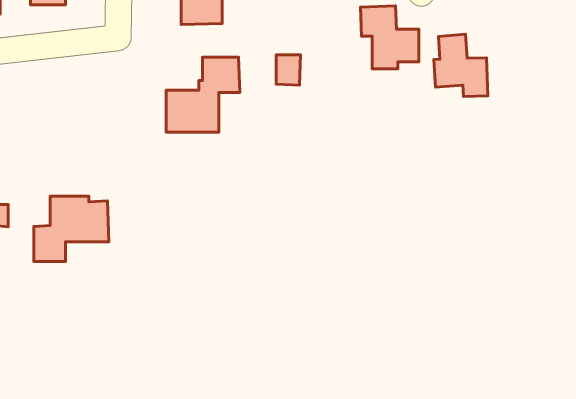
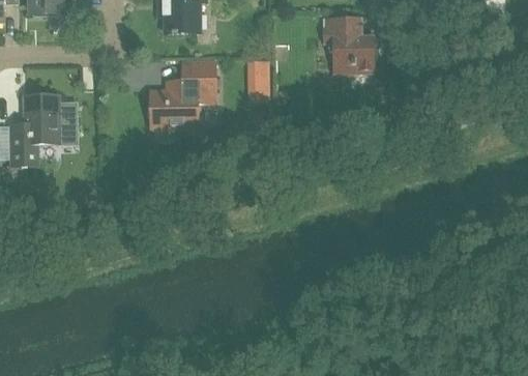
building: [434,34,488,96] -> none
building: [34,196,109,262] -> [9,98,76,156]

